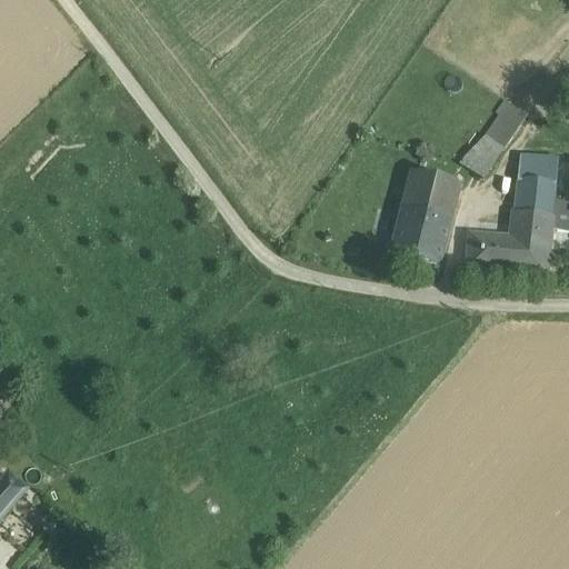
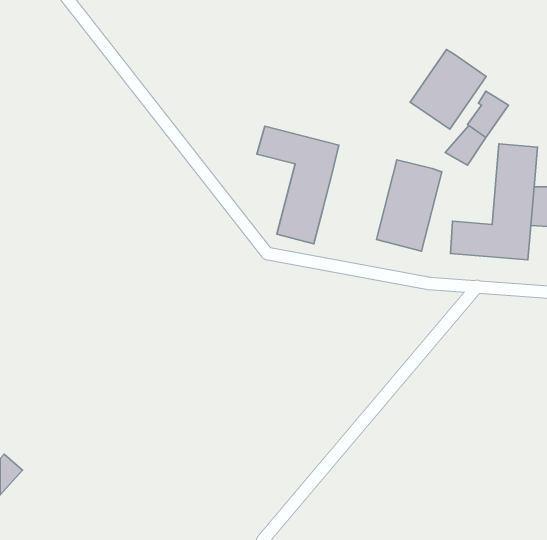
building: none -> [410,49,486,129]
building: none -> [257,126,339,244]

